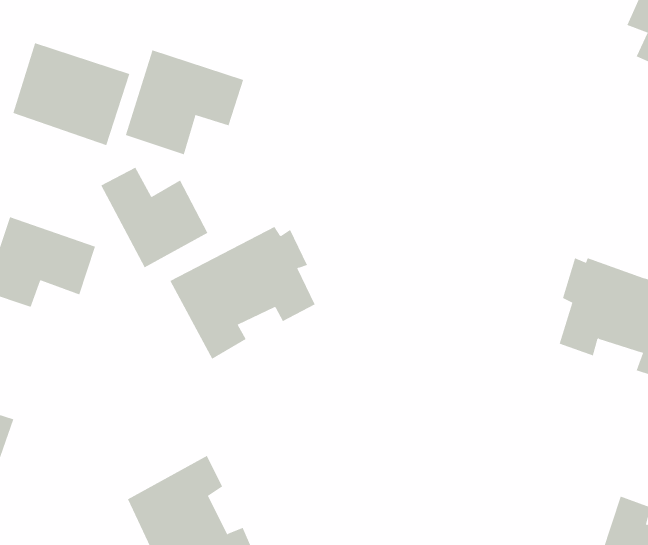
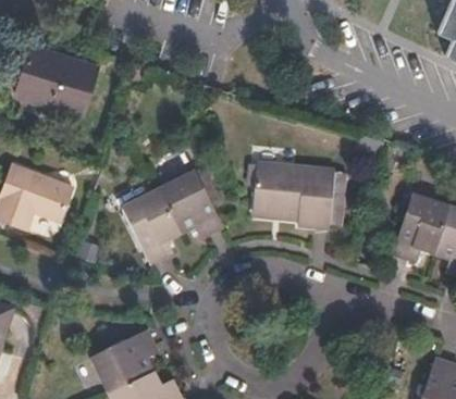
building: [125,50,244,155] -> none
building: [100,167,208,268] -> none
building: none -> [252,163,344,229]

